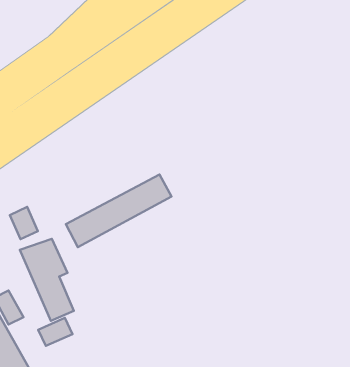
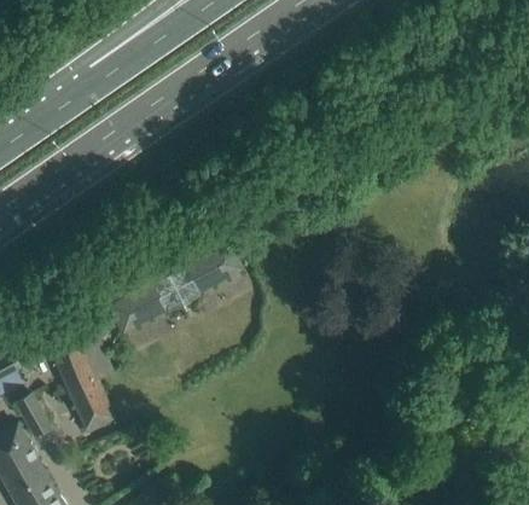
building: [10,207,38,239] -> none
building: [38,318,73,346] -> none

